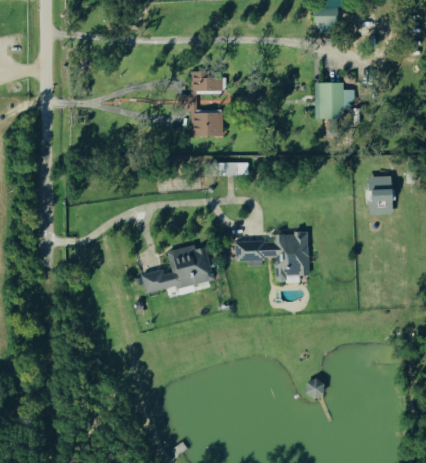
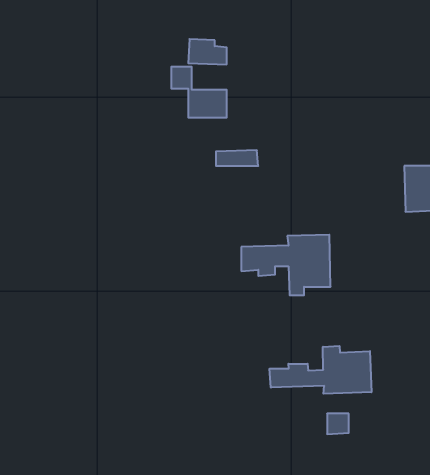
building: [315,82,354,119] -> none
building: [141,245,213,295] -> none
building: none -> [270,346,371,394]

